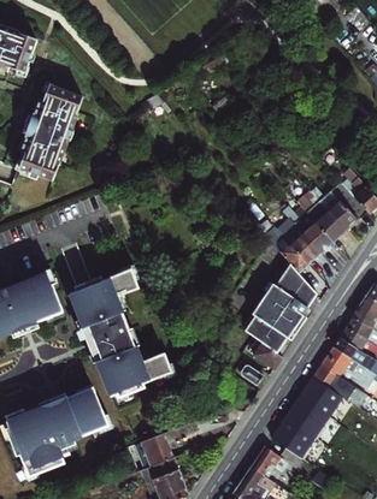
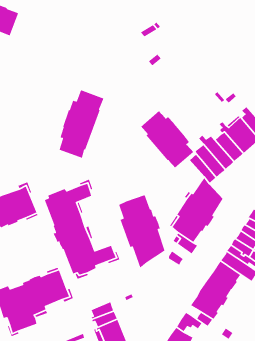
building: [19,84,82,179] -> [59,89,104,159]
building: none -> [140,110,194,168]
building: none -> [118,194,166,269]

